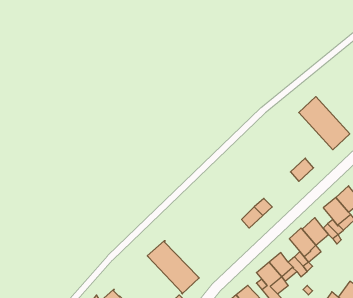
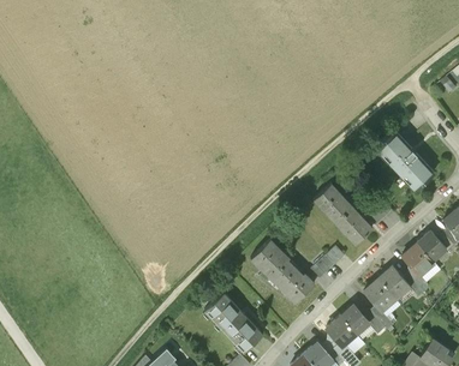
building: none -> [315,182,372,242]
building: none -> [250,239,314,302]

